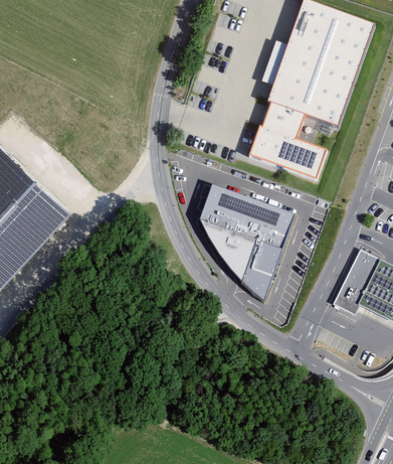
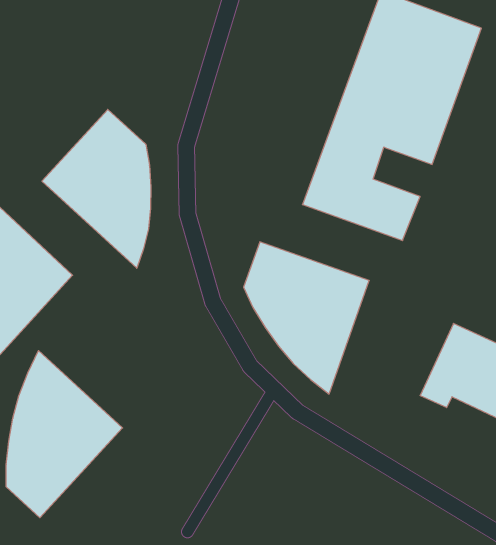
building: none -> [42,109,151,268]
building: none -> [6,351,123,518]

